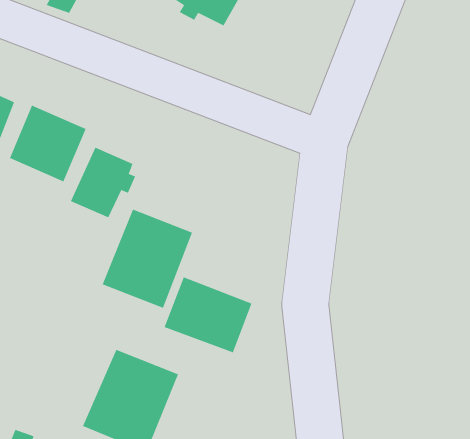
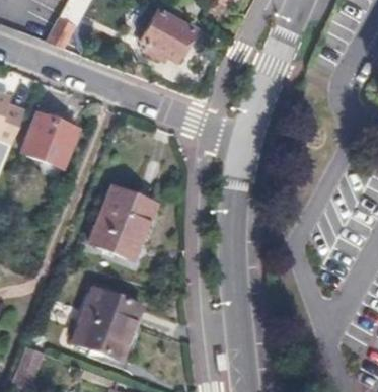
building: [70,147,136,218] -> none
building: [164,277,252,353] -> none

